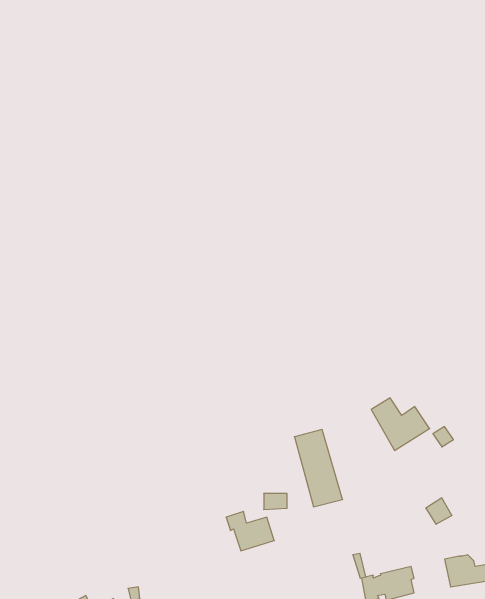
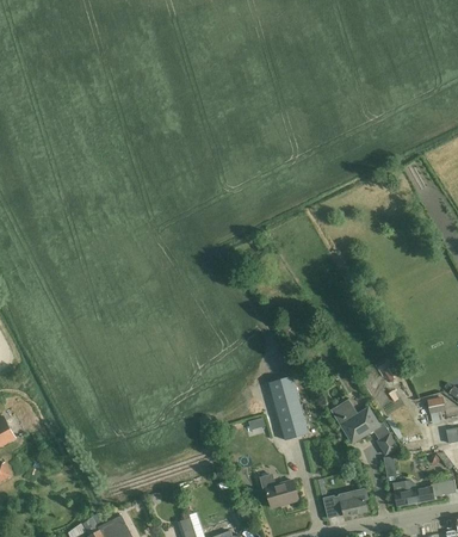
building: [371,398,430,450] -> [332,401,379,444]
building: [226,511,274,551] -> [259,476,298,508]

